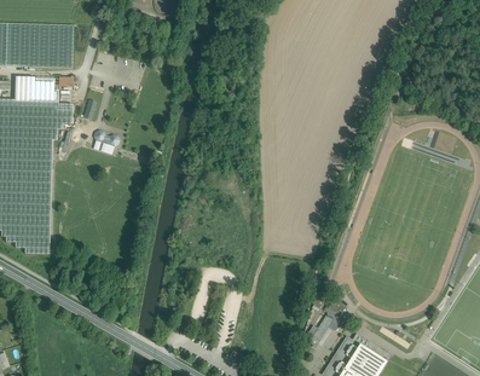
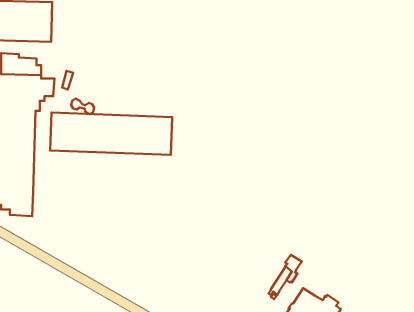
building: none -> [50,113,172,155]

